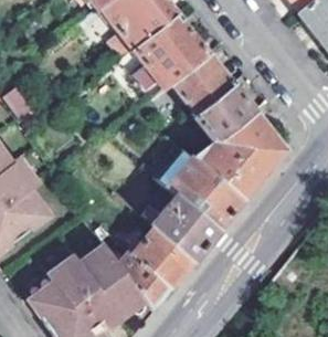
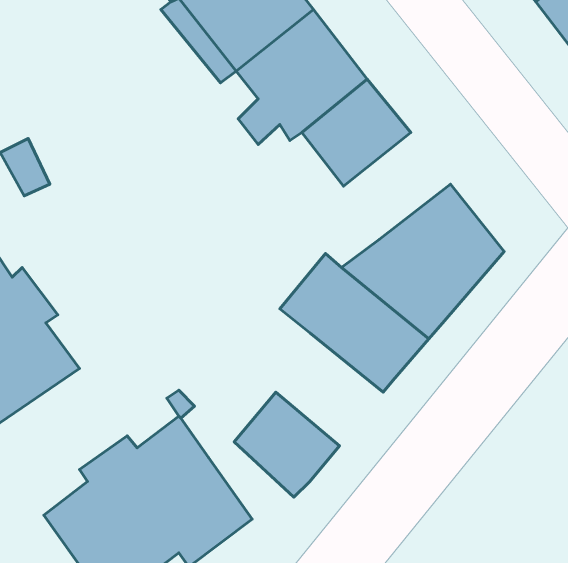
building: [192,82,254,141] -> none
building: [142,193,216,256] -> none
building: [119,252,167,306] -> none

